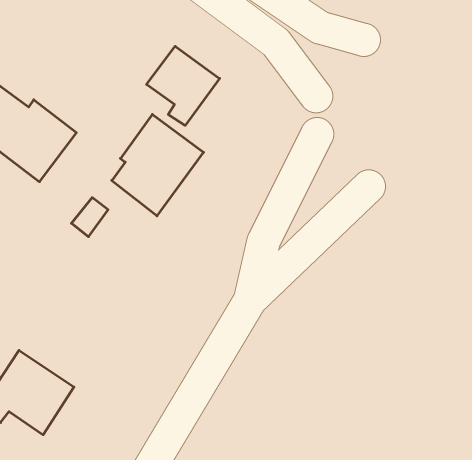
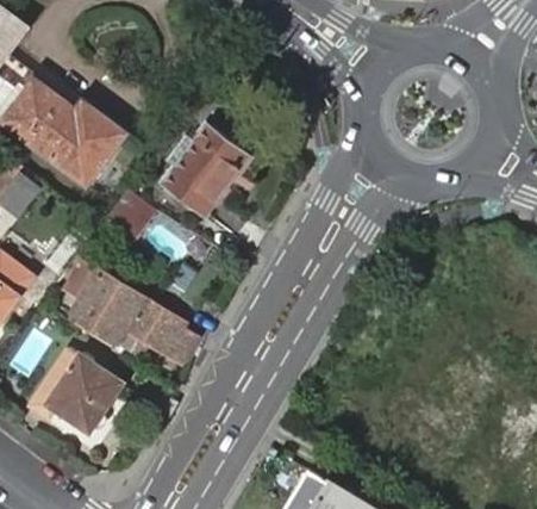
building: [147,46,220,125] -> none
building: none -> [63,262,198,362]

